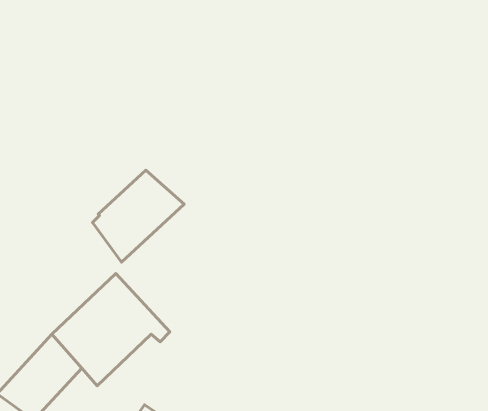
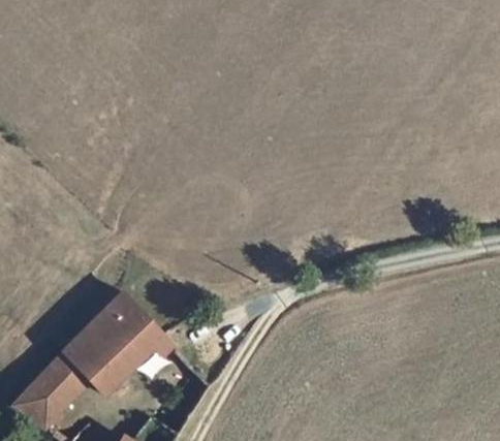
building: [92,170,184,262] -> none

